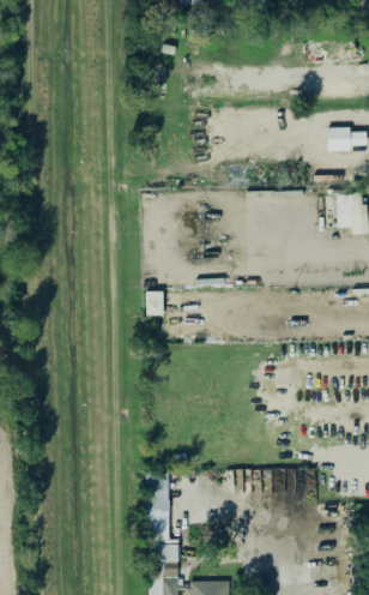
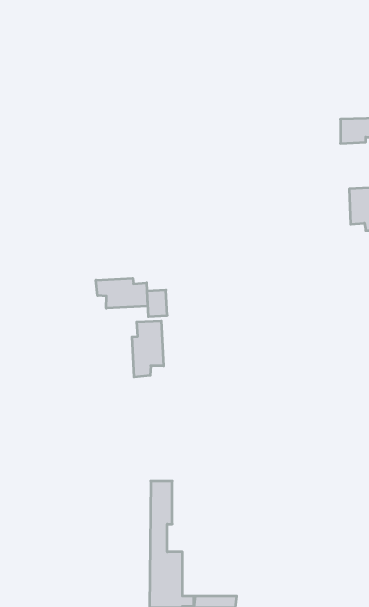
building: none -> [96,278,148,308]
building: none -> [132,321,164,377]

